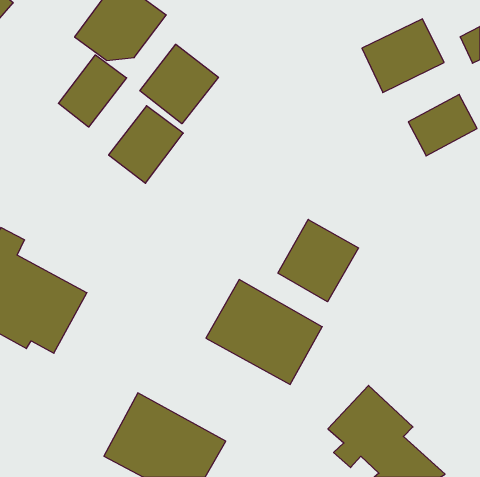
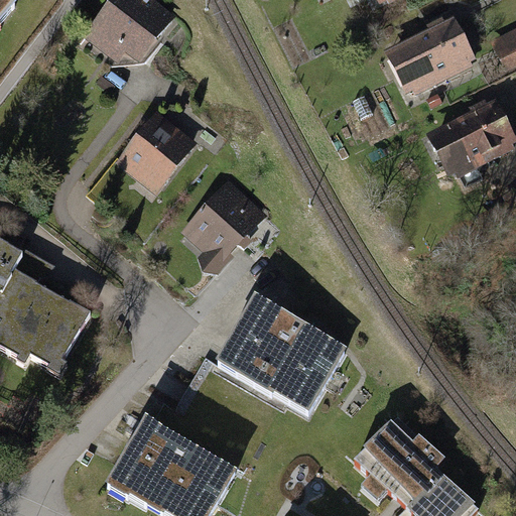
building: [140,44,218,124] -> none
building: [58,55,127,127] -> none
building: none -> [180,178,269,275]
building: [278,219,359,302] -> none

